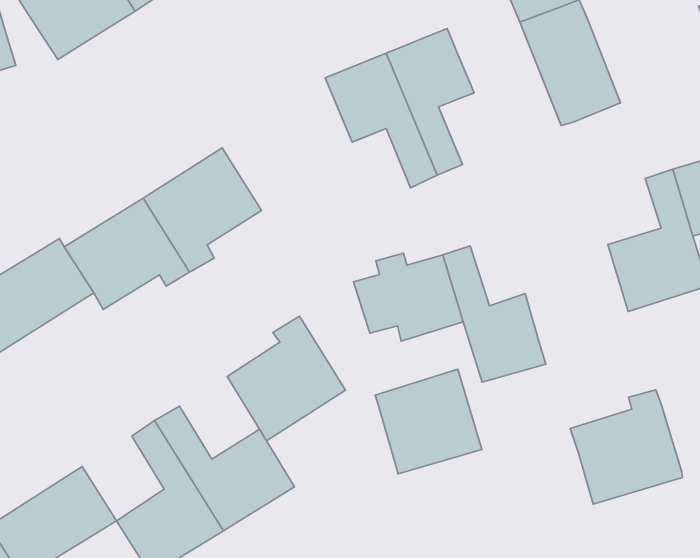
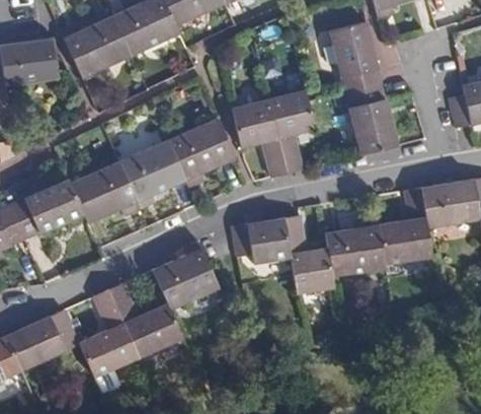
building: none -> [168,119,235,187]
building: [375,369,482,474] -> none
building: [570,390,682,504] -> [325,216,385,276]

